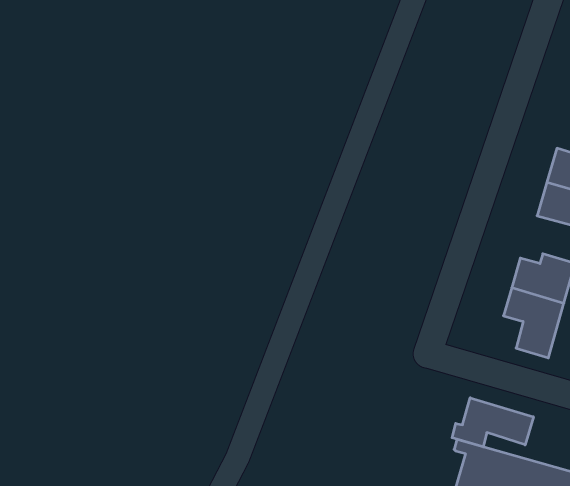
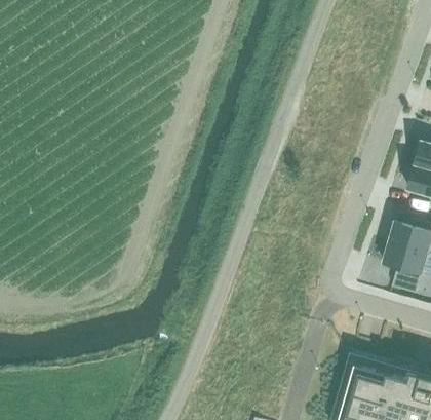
building: [452,398,533,447] -> none

